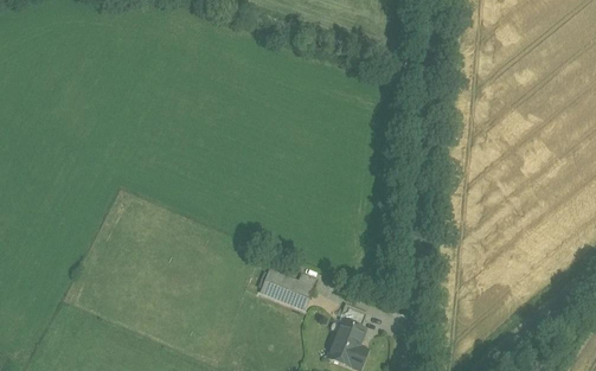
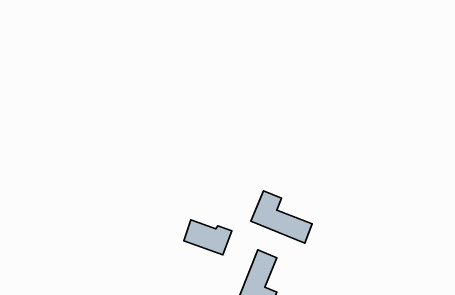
building: none -> [251,191,312,243]

